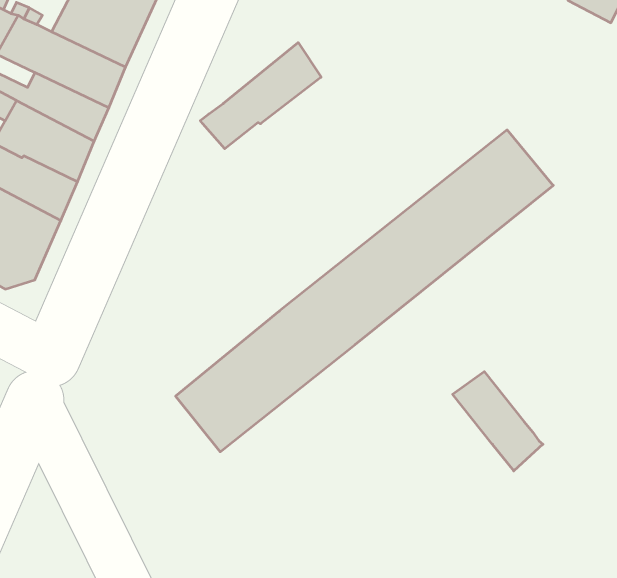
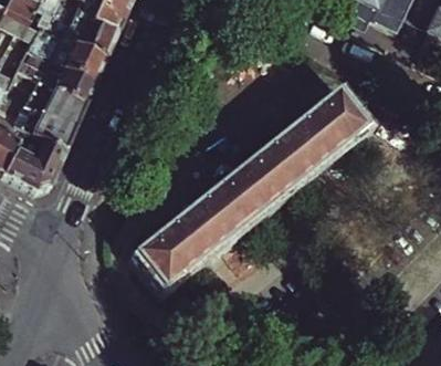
building: [200,43,321,149] -> none
building: [453,372,543,471] -> none

